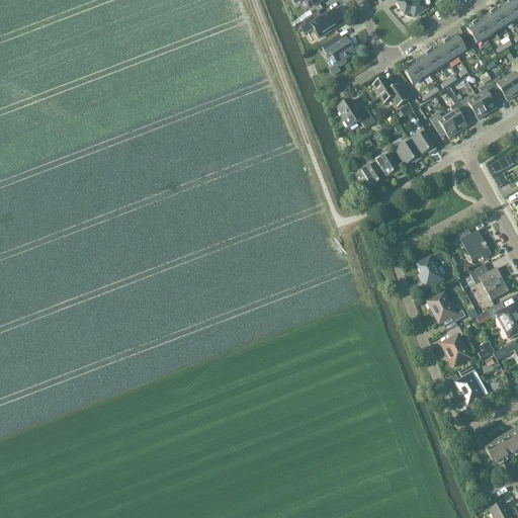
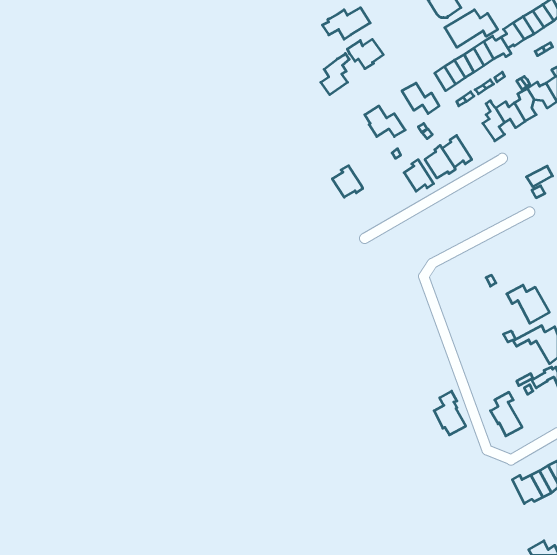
building: none -> [445,10,498,47]
building: none -> [321,53,349,95]
building: [430,110,459,137] -> none
building: [359,158,387,187] -> [332,166,363,197]
building: [456,227,493,260] -> none
building: [417,249,450,288] -> none
building: [427,290,465,323] -> none
building: [442,325,471,365] -> [434,391,466,435]

